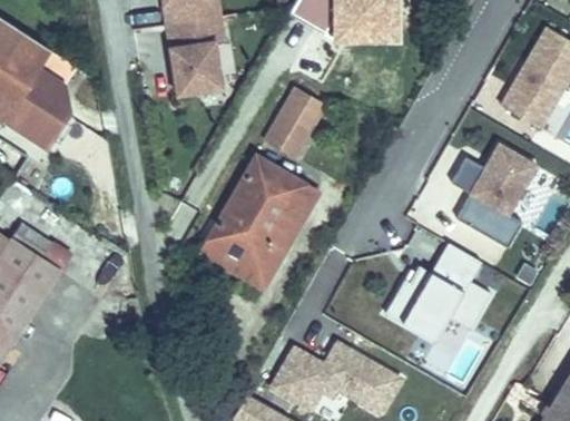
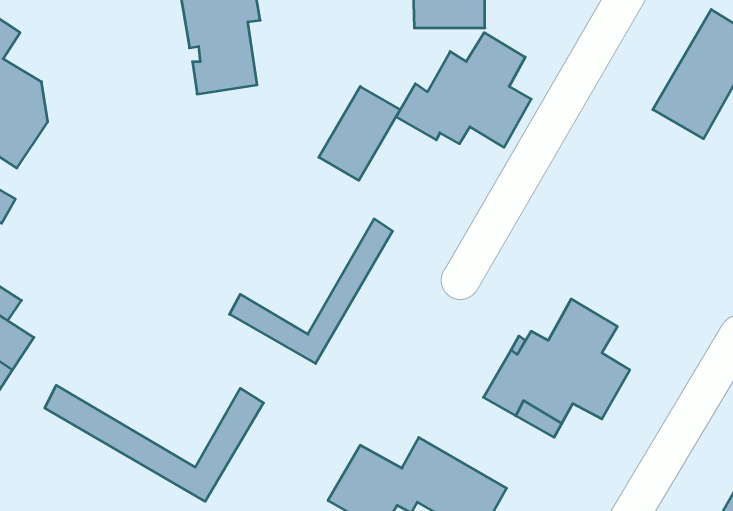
building: none -> [396,33,531,147]
building: [451,143,535,246] -> none
building: [208,155,305,266] -> none
building: none -> [45,385,264,501]

